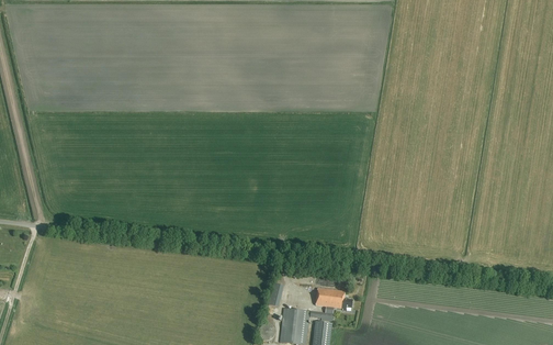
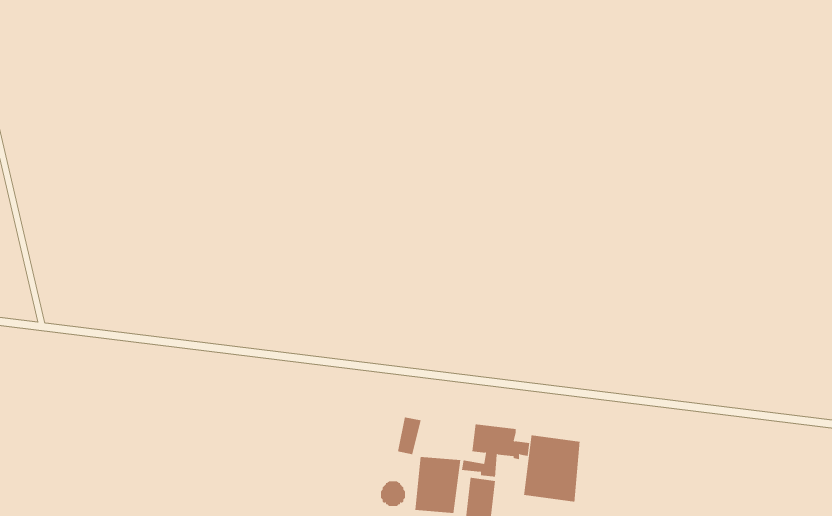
building: none -> [524,434,580,503]

